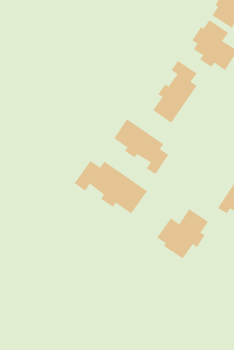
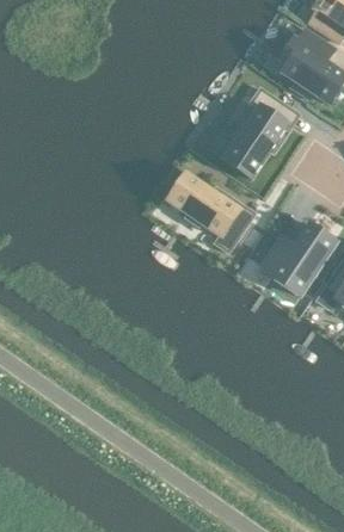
building: [74,160,148,214] -> none
building: [157,208,209,259] -> [260,222,336,295]

